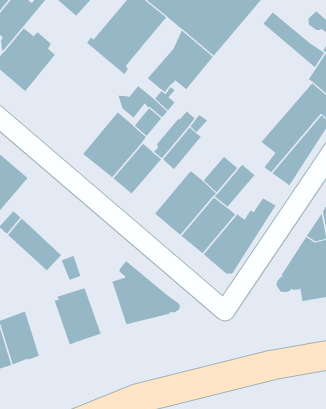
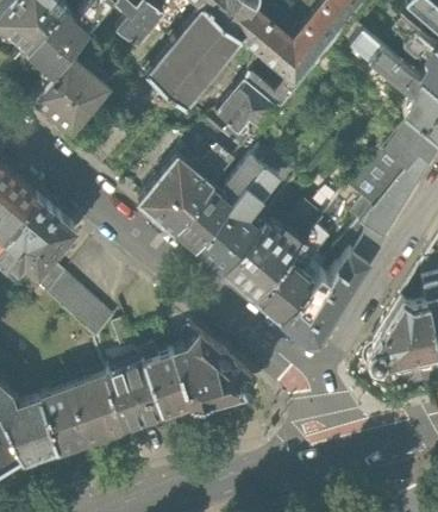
building: none -> [196,208,258,273]
building: none -> [342,225,382,263]
building: none -> [139,346,189,414]
building: none -> [71,375,123,439]

